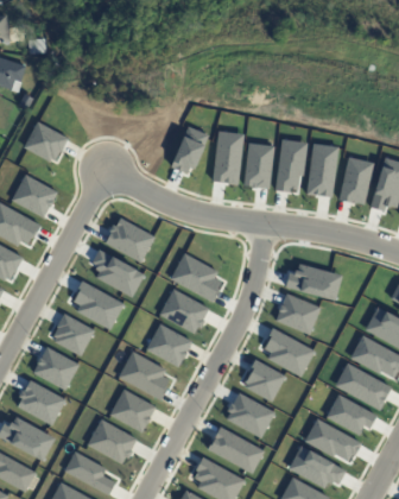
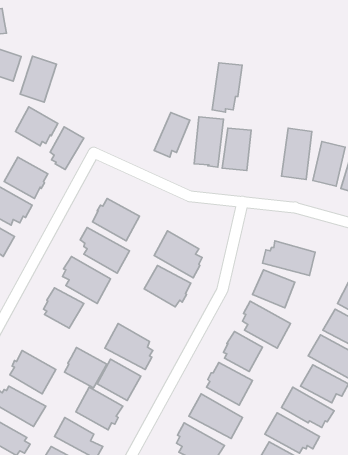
building: none -> [20,56,56,102]
building: [274,139,306,191] -> [212,63,242,112]
building: none -> [50,127,84,170]
building: [145,323,191,367] -> none
building: [33,346,78,389] -> [64,348,107,388]

